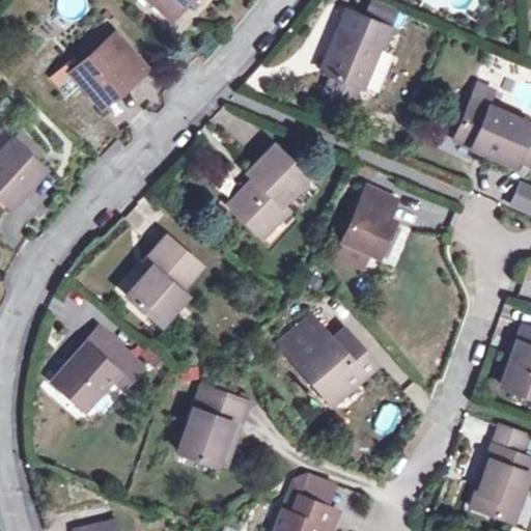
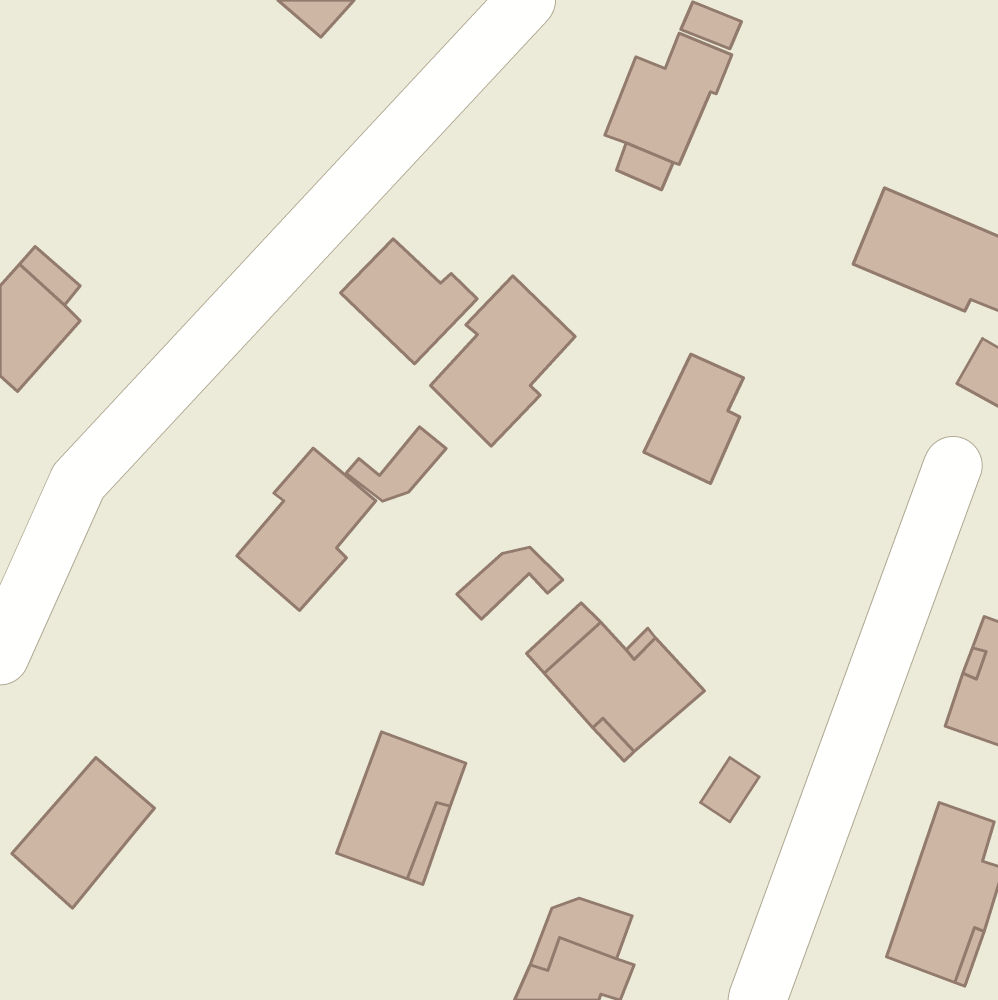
building: [54,36,143,103] -> none
building: none -> [341,239,477,364]
building: none -> [346,427,446,501]
building: none -> [457,547,563,619]
building: [52,332,128,412] -> [12,757,155,908]

